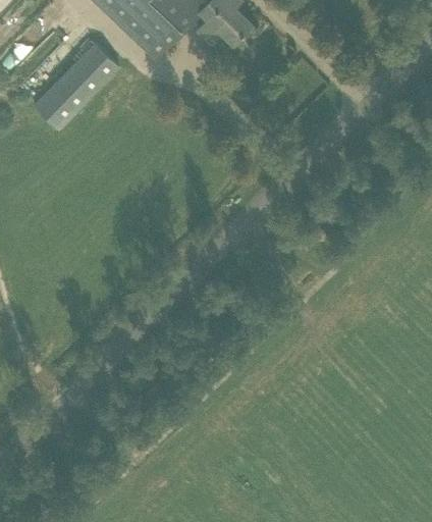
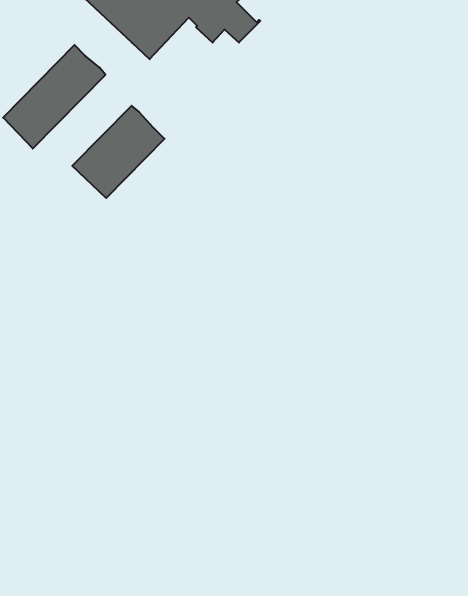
building: none -> [72,106,165,198]

